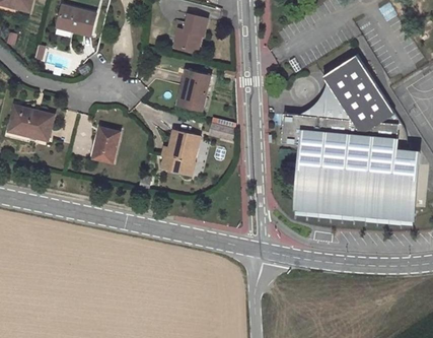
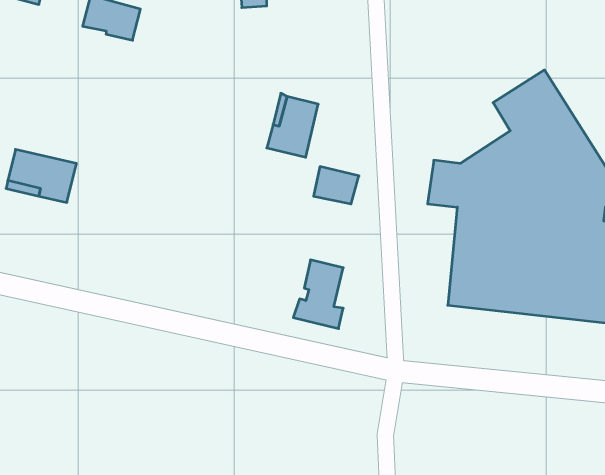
building: [176,14,207,52] -> none
building: [91,127,120,162] -> none
building: [161,130,194,175] -> [293,260,343,329]

